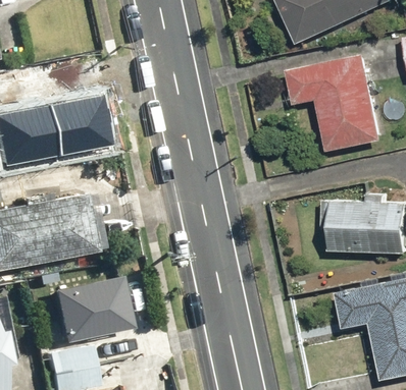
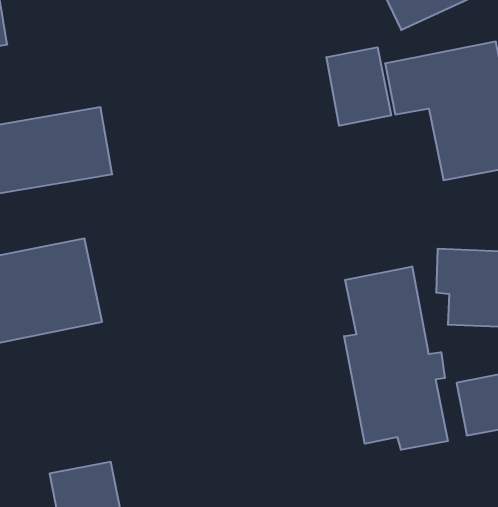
building: none -> [326,47,391,126]
building: none -> [344,266,448,450]
building: [58,281,134,341] -> none

